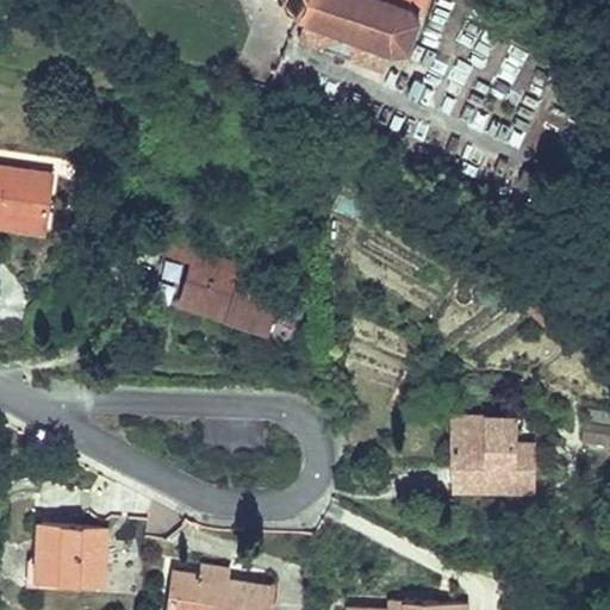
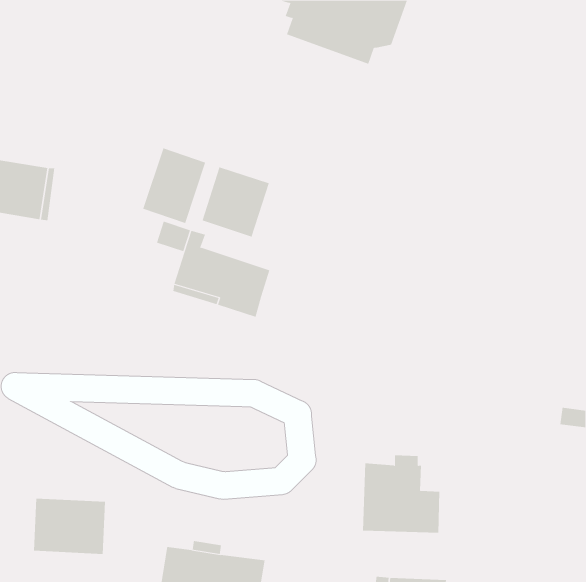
building: none -> [143,147,206,224]
building: none -> [202,166,269,237]
building: [450,411,531,492] -> [362,455,440,533]

